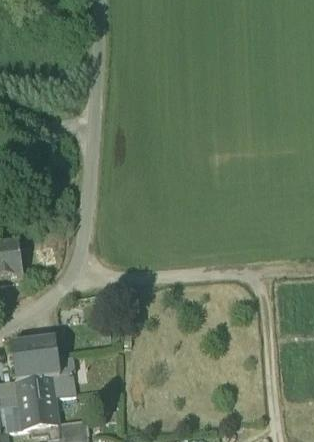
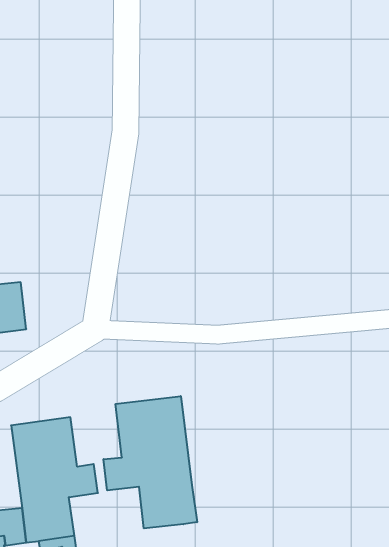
building: none -> [104,396,197,528]

